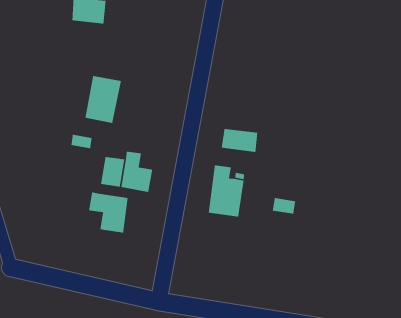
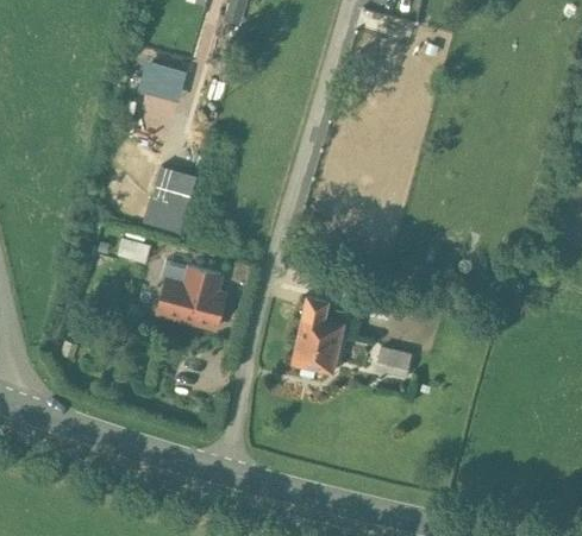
building: [221,128,258,153] -> none
building: [88,191,129,233] -> none

